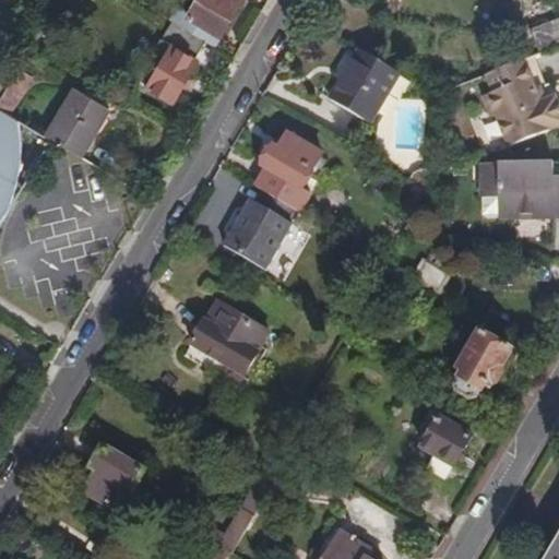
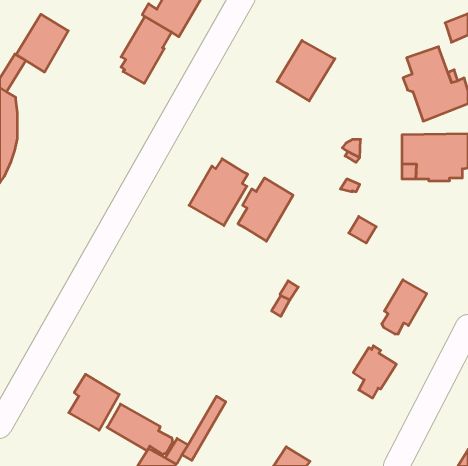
building: [46,84,108,153] -> [16,14,68,72]
building: [257,130,322,205] -> [238,178,293,241]
building: [182,300,270,386] -> none
building: none -> [107,404,173,454]

